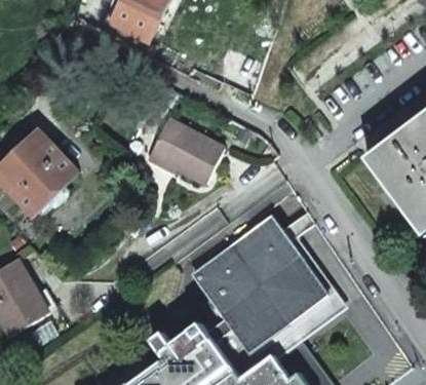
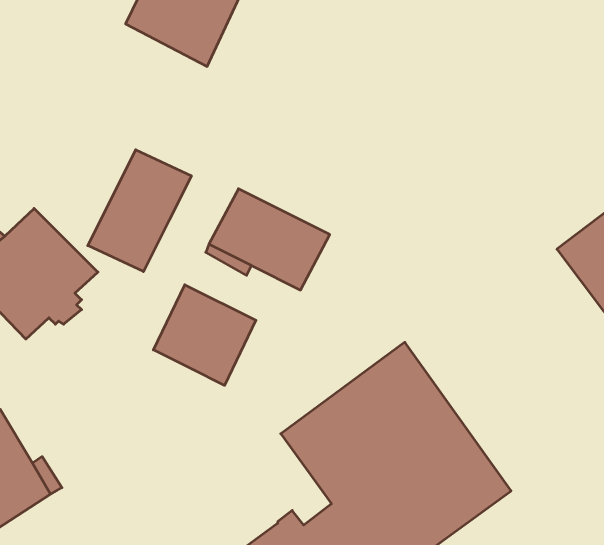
building: none -> [88,150,191,272]
building: none -> [153,285,256,385]

